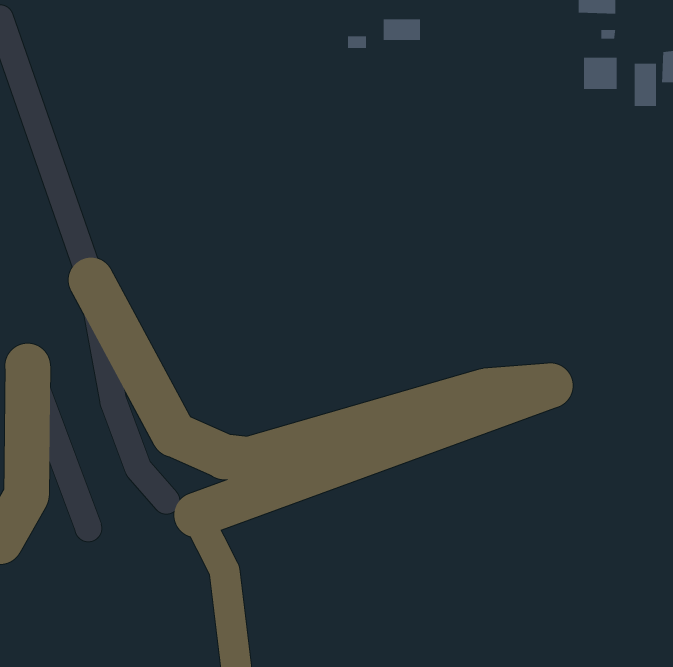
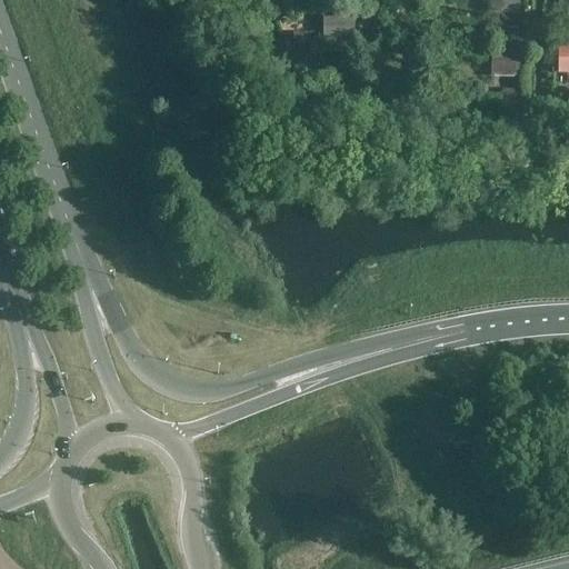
building: [634,63,657,107] -> none

